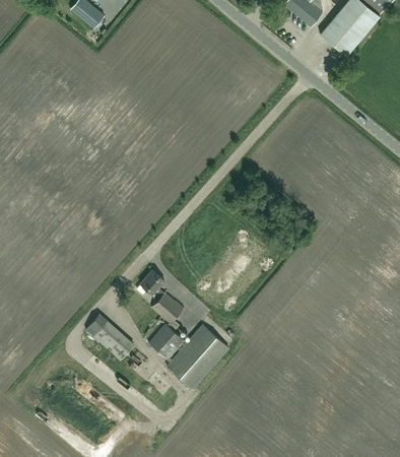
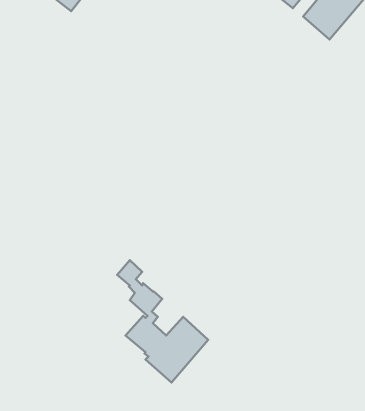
building: [85,314,134,360] -> none

